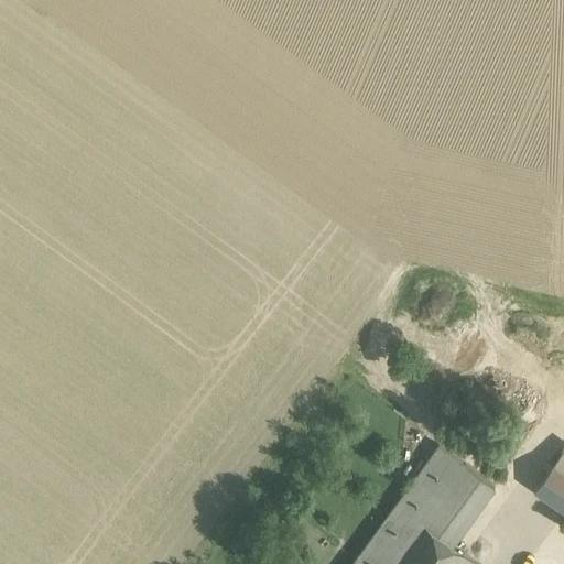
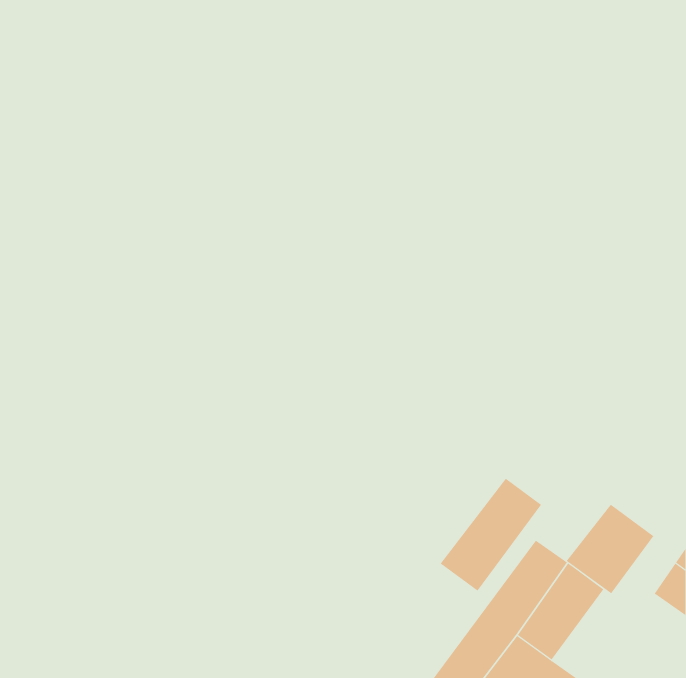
building: none -> [440,478,542,591]
building: none -> [566,504,654,594]

